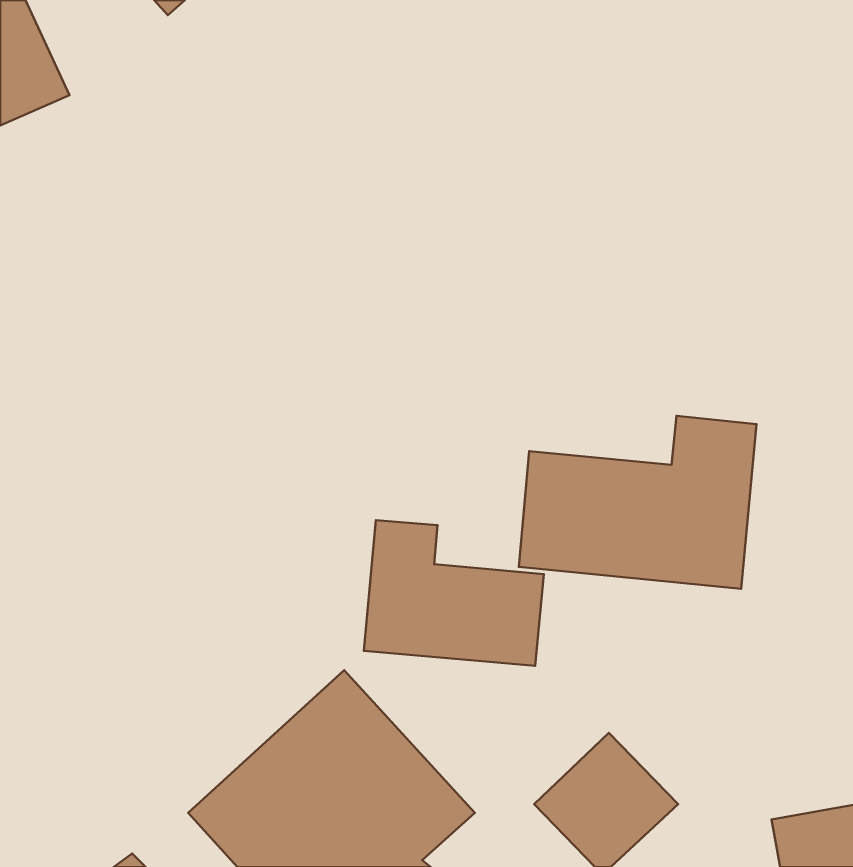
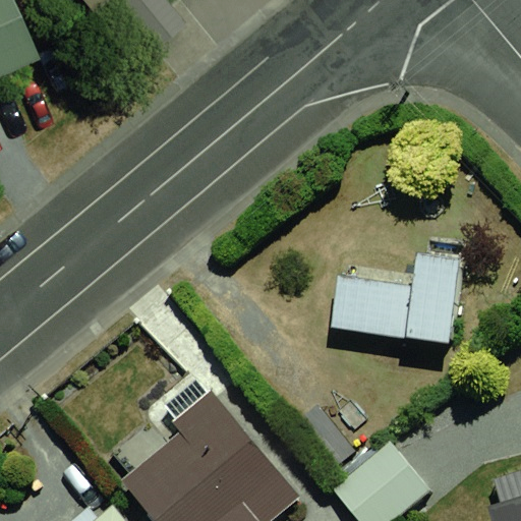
building: [364,520,544,666] -> none

